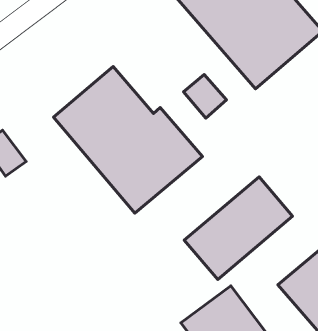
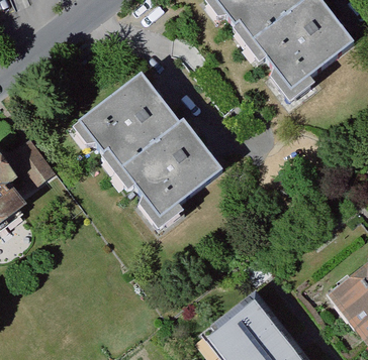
building: [184,74,227,118] -> none
building: [184,177,293,279] -> none

